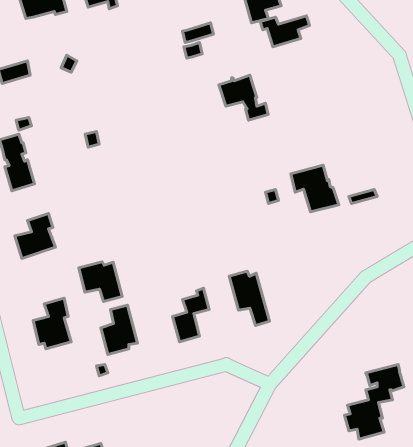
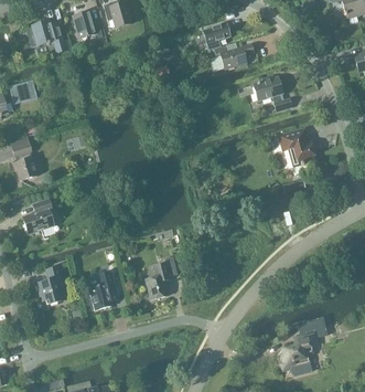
building: [219,75,268,120] -> [254,75,292,110]
building: [291,165,339,212] -> [280,128,318,165]
building: [79,262,122,301] -> none
building: [229,271,270,325] -> none

